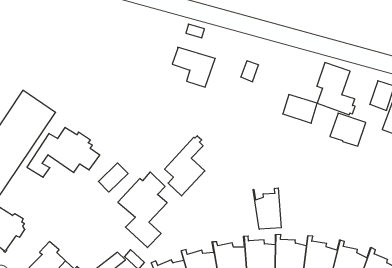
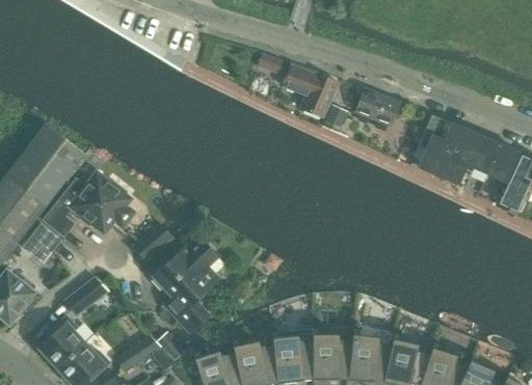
building: [172,47,215,87] -> [284,65,339,118]
building: [283,95,317,123] -> [355,88,400,127]
building: [330,113,366,146] -> [451,129,498,172]
building: [165,136,205,196] -> none
building: none -> [24,224,61,255]
building: [253,188,281,229] -> none
building: none -> [65,277,109,315]

